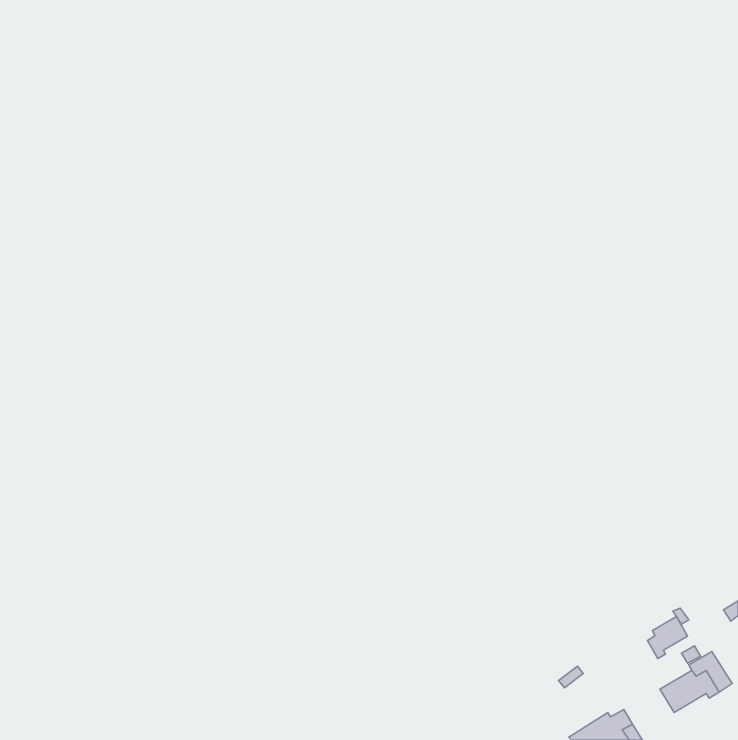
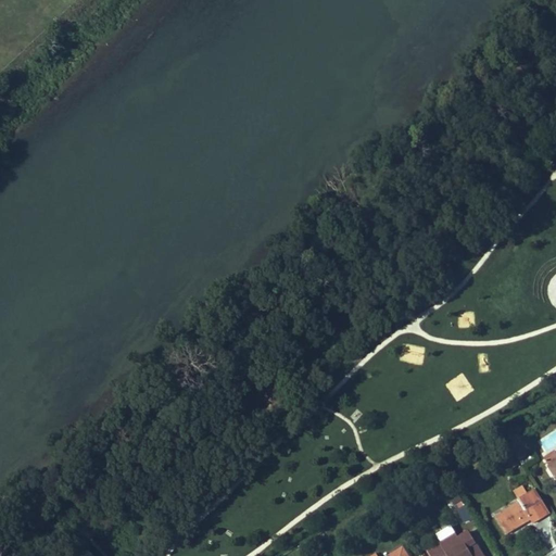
building: [647,616,687,659] -> none

